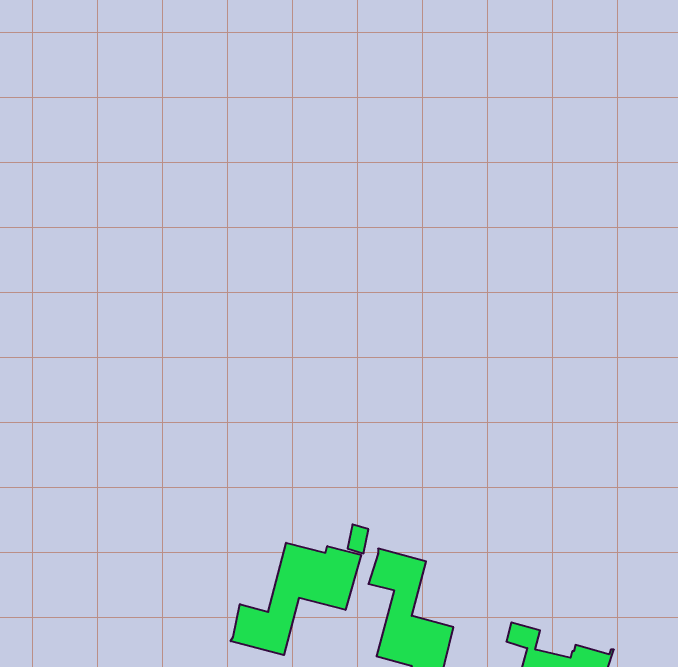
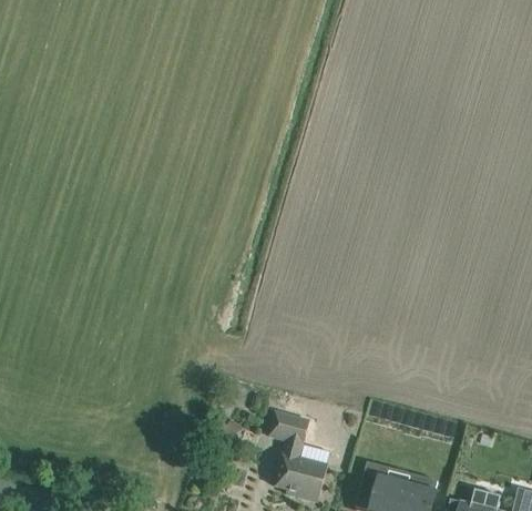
building: [231,543,361,655] -> none

